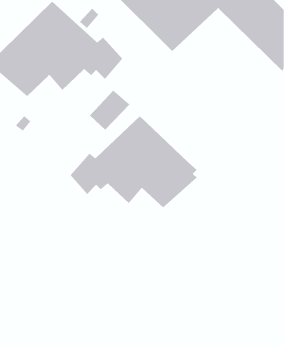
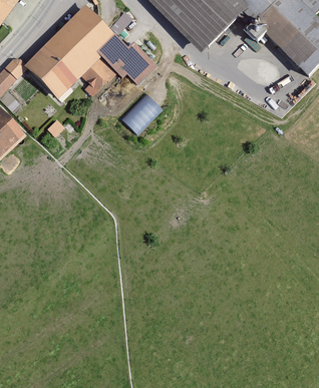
building: [70,116,198,208] -> none

